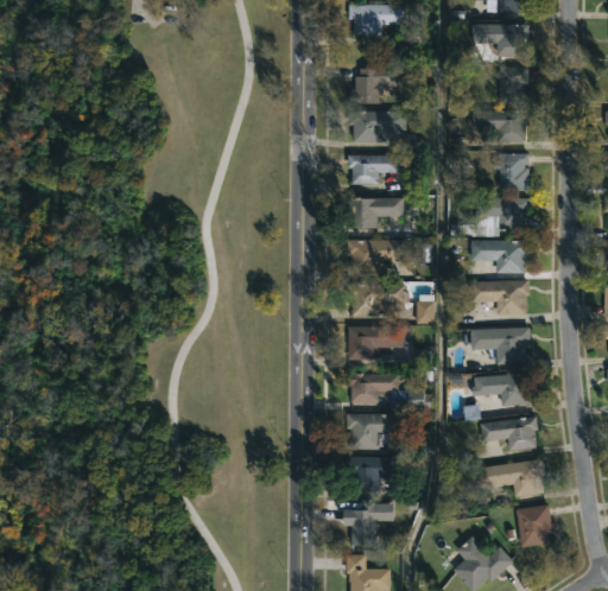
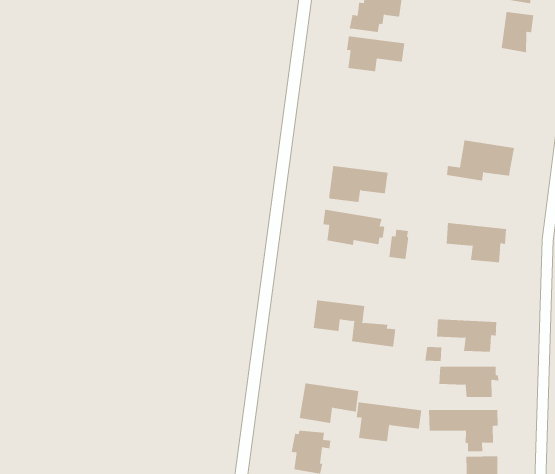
building: [471,109,528,141] -> none
building: [492,153,528,191] -> none
building: [347,154,401,184] -> none
building: [349,198,403,228] -> none
building: [470,239,530,273] -> none
building: [347,326,413,361] -> none
building: [470,326,530,364] -> none
building: [343,414,407,450] -> [356,402,422,442]

